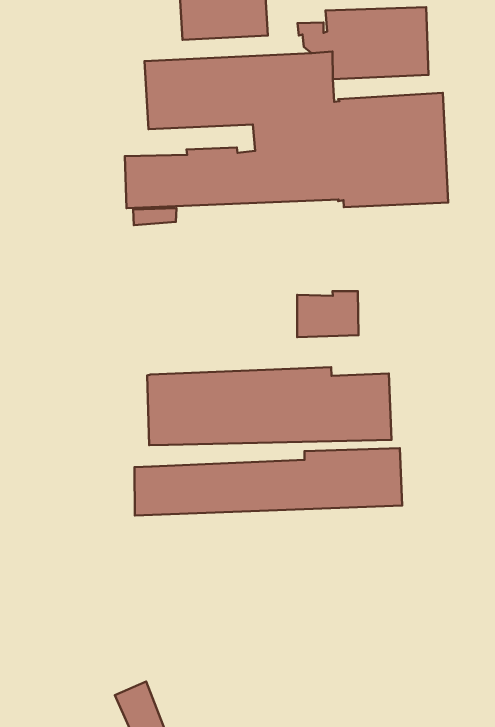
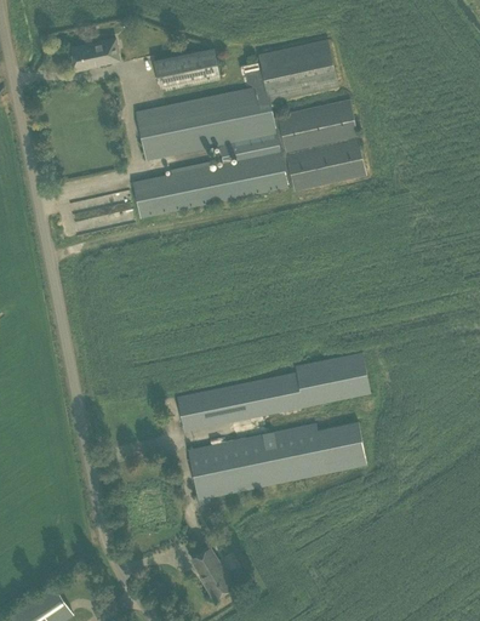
building: [297,291,359,337] -> none
building: [147,367,391,445] -> [187,421,366,500]

